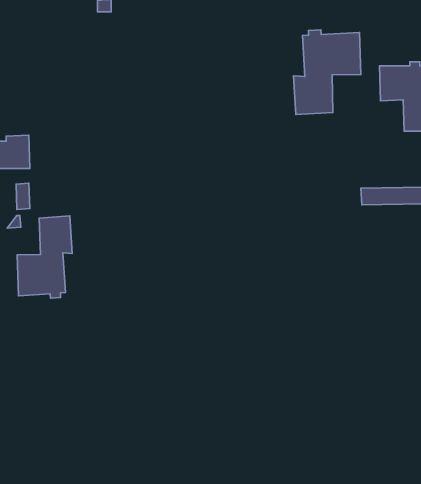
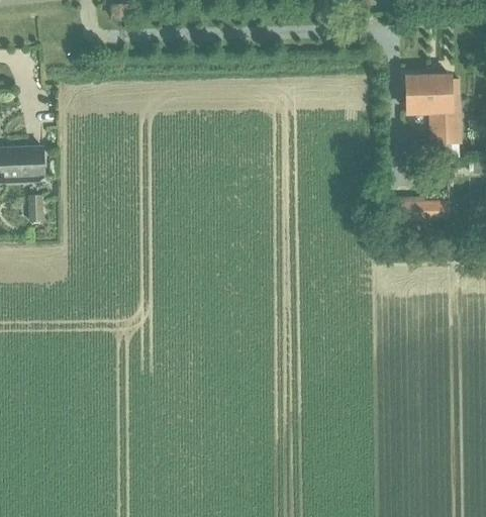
building: [294,30,361,114] -> none
building: [17,216,72,298] -> none

